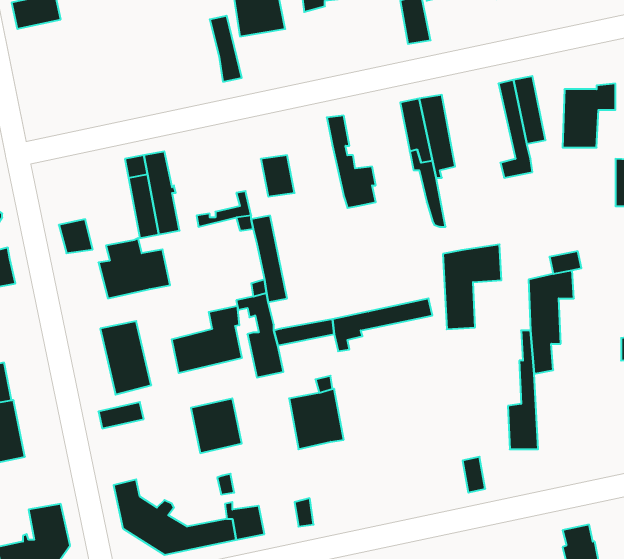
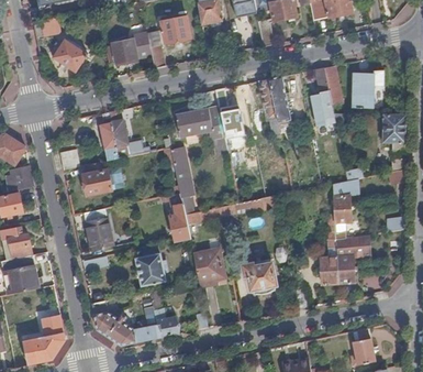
building: none -> [112,32,153,62]
building: none -> [52,39,88,73]
building: none -> [192,106,225,139]
building: [443,244,501,329] -> [336,233,370,283]
building: [172,306,242,373] -> none
building: none -> [243,258,277,288]

